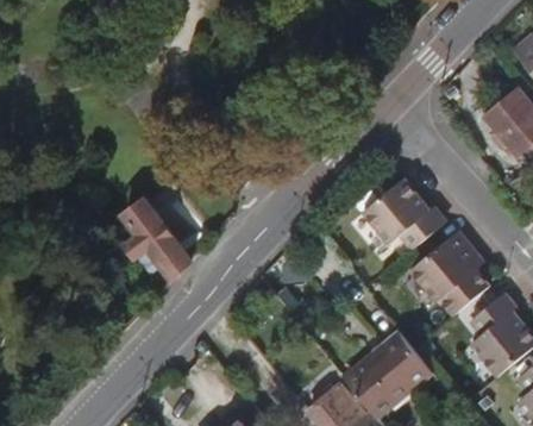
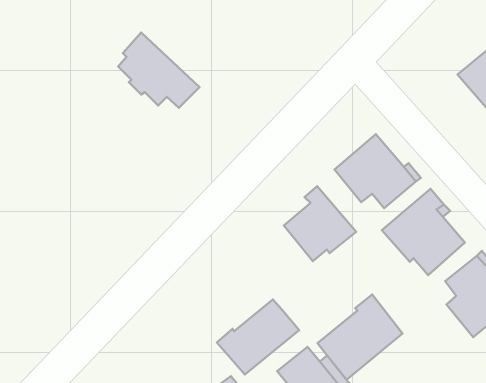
building: [111,206,190,280] -> [118,32,200,108]
building: none -> [284,186,356,261]
building: none -> [217,299,299,375]

